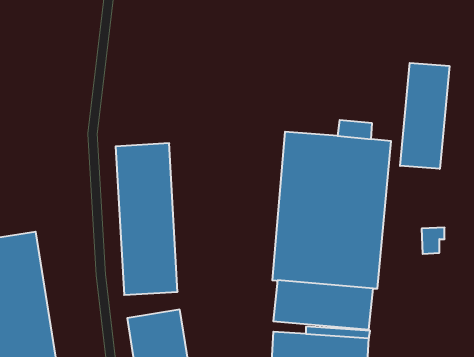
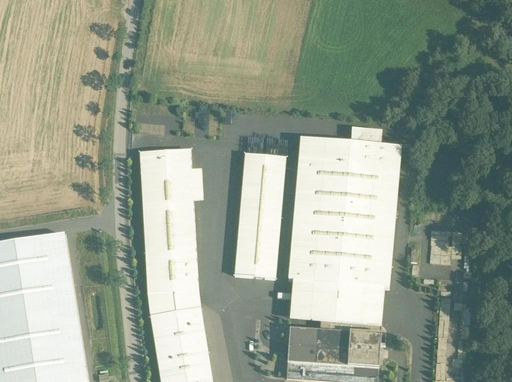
building: [400,63,449,169] -> none
building: none -> [234,154,285,279]
building: none -> [147,291,200,316]

